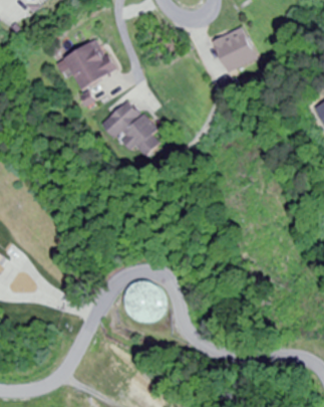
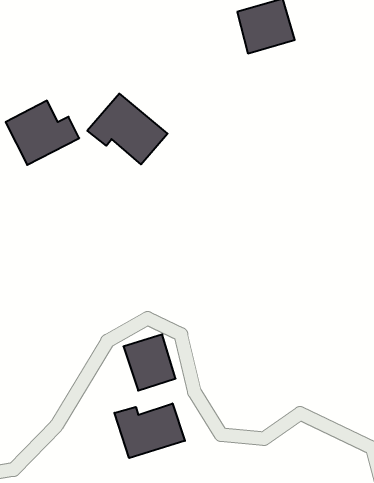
building: [63,41,118,89] -> [6,101,79,165]
building: none -> [114,403,185,458]

